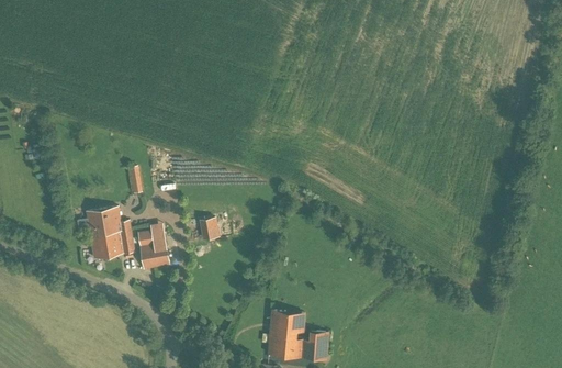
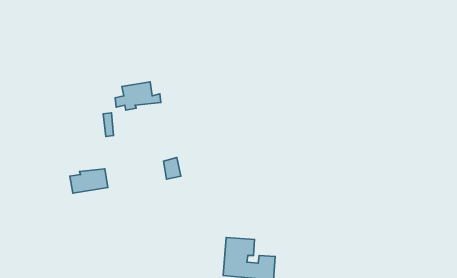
building: [78,207,131,239] -> [115,82,161,110]
building: [137,224,169,270] -> none

